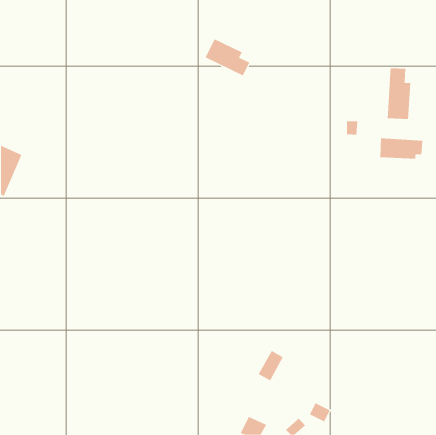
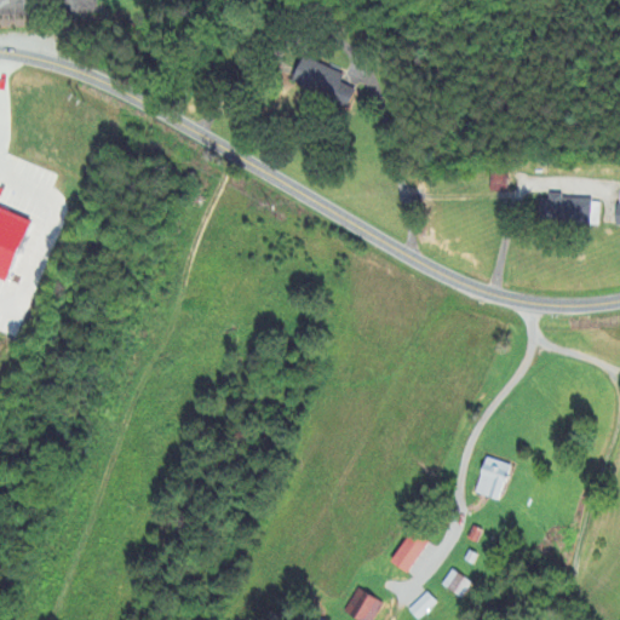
building: [387,67,411,120] -> none
building: none -> [473,455,510,499]
building: [258,350,283,381] -> [389,529,425,573]

